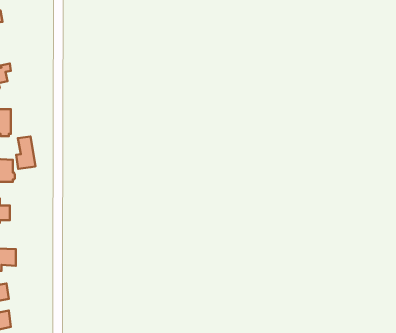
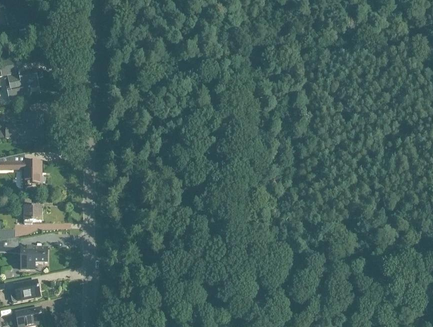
building: [16,136,36,169] -> none

